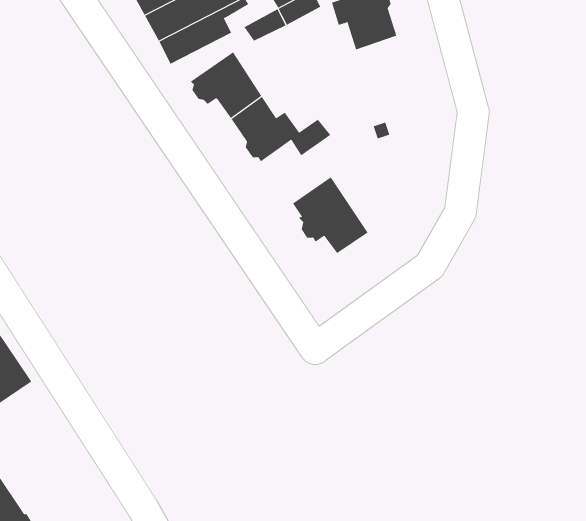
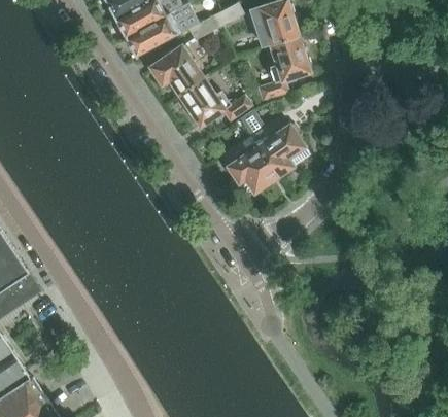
building: none -> [256,36,311,100]
building: none -> [240,110,309,178]

